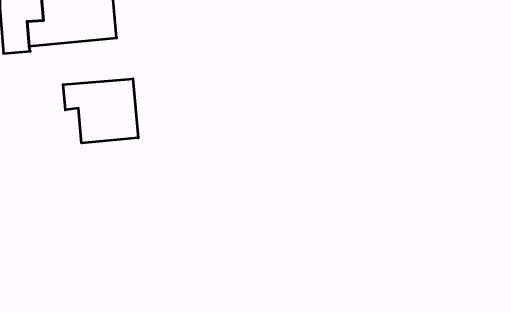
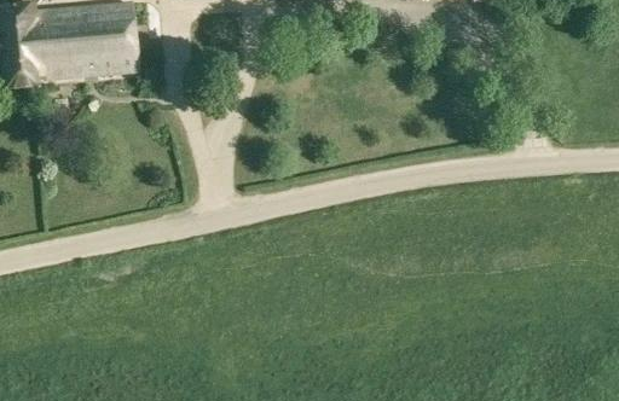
building: [63,79,138,143] -> none

